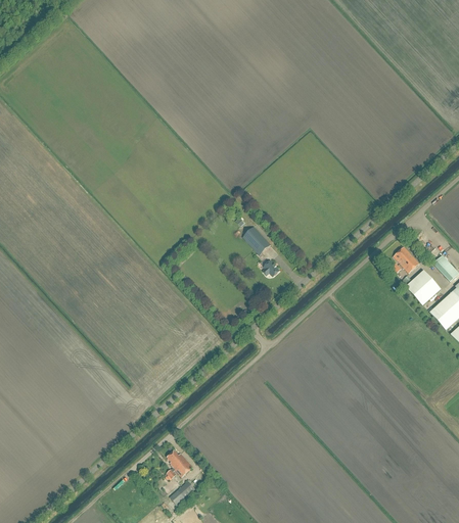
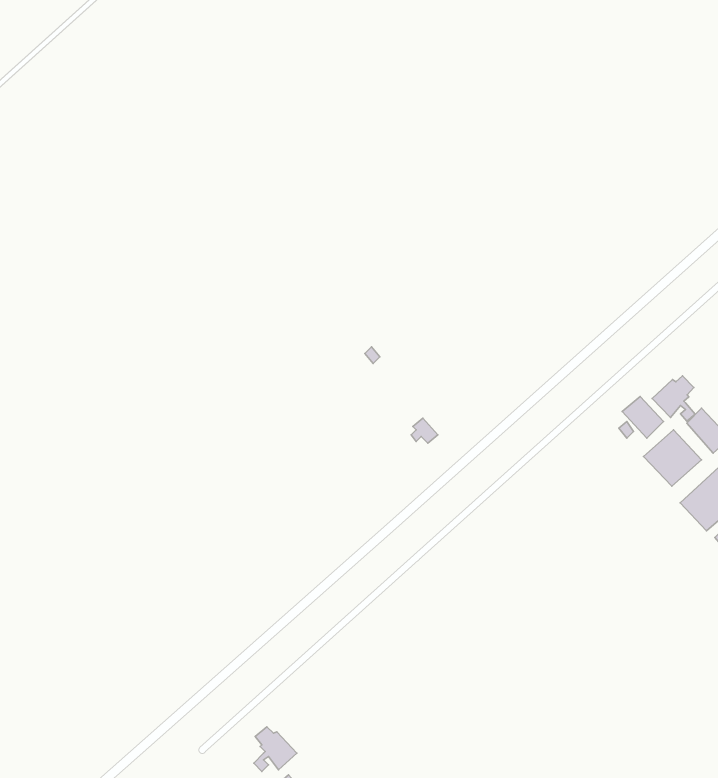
building: [242,226,271,255] -> none
building: none -> [652,376,695,421]

